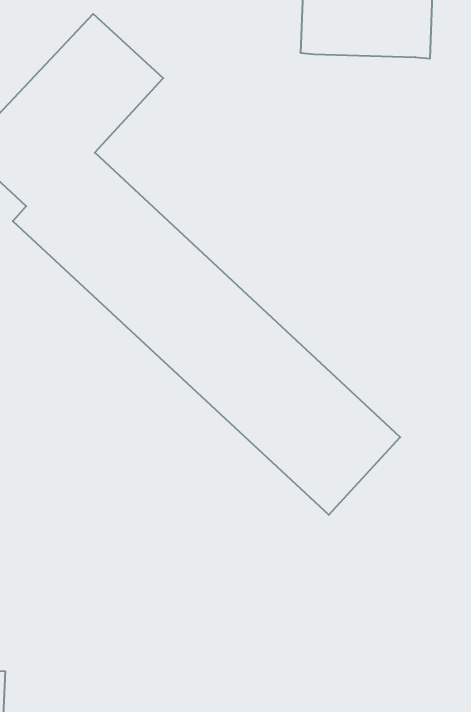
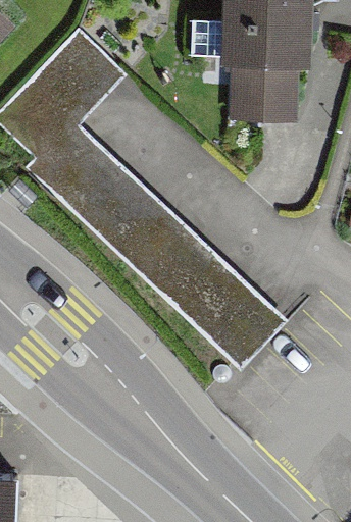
building: none -> [228,55,299,118]

